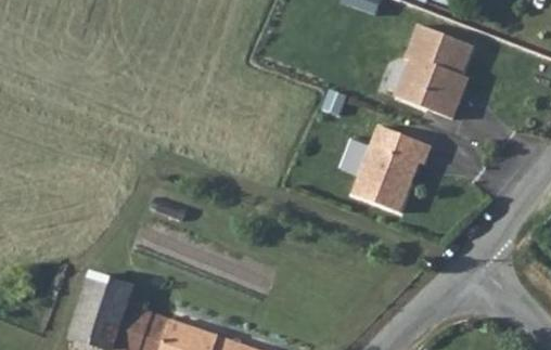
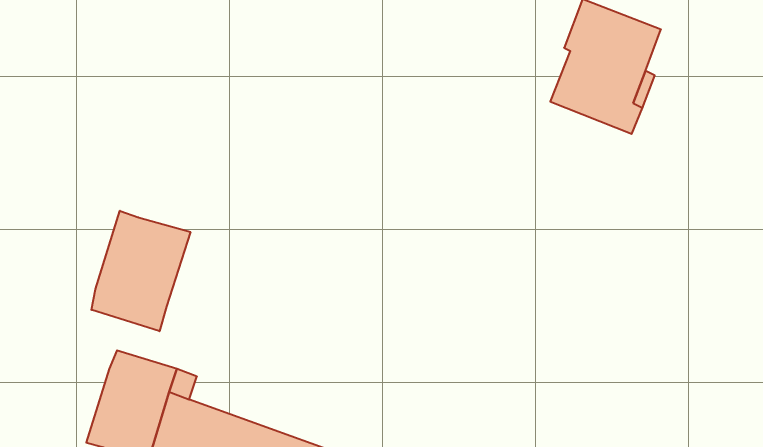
building: [353,126,433,213] -> none
building: none -> [91,211,190,331]

